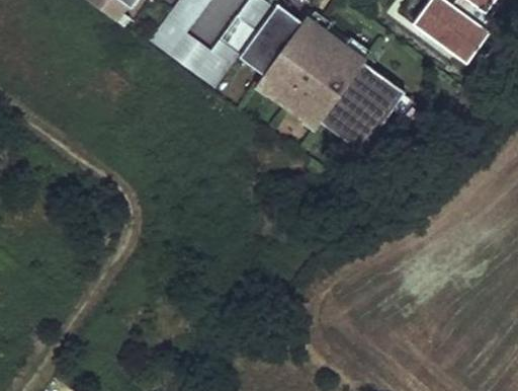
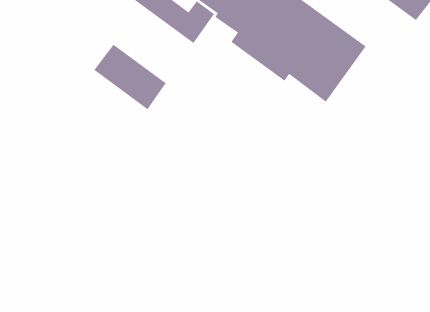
building: none -> [93,44,167,110]

